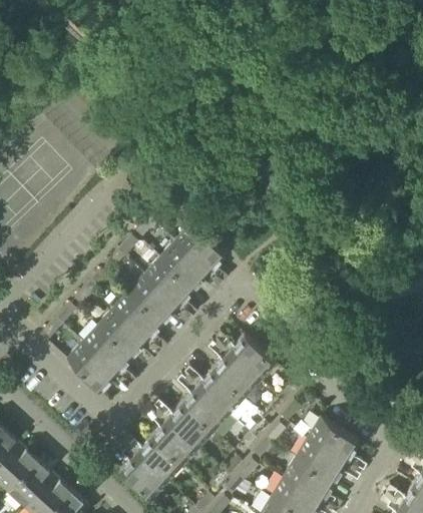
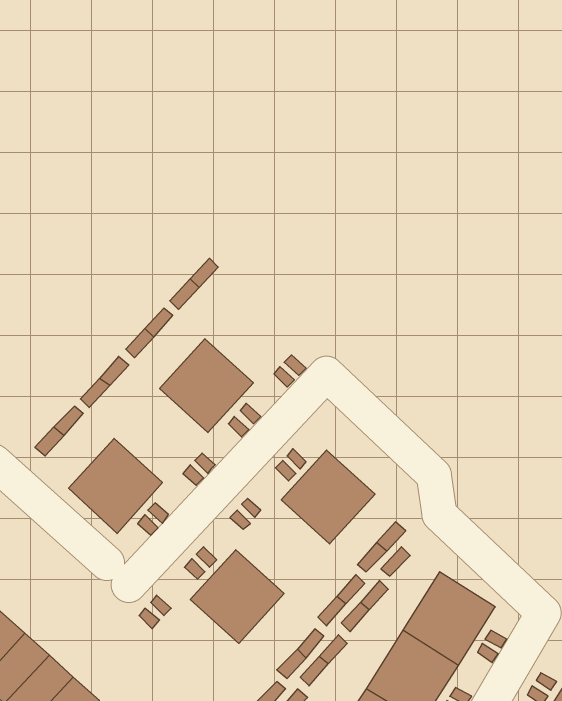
building: [158,224,224,289] -> none
building: [96,293,160,357] -> none
building: [179,369,244,433] -> none
building: [117,437,181,501] -> none

